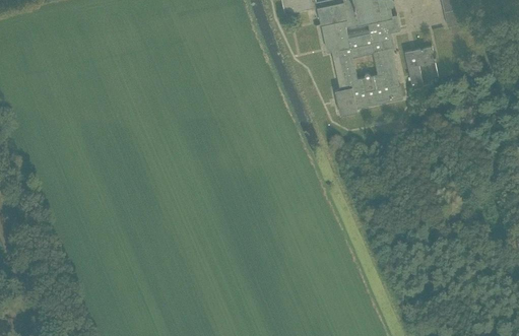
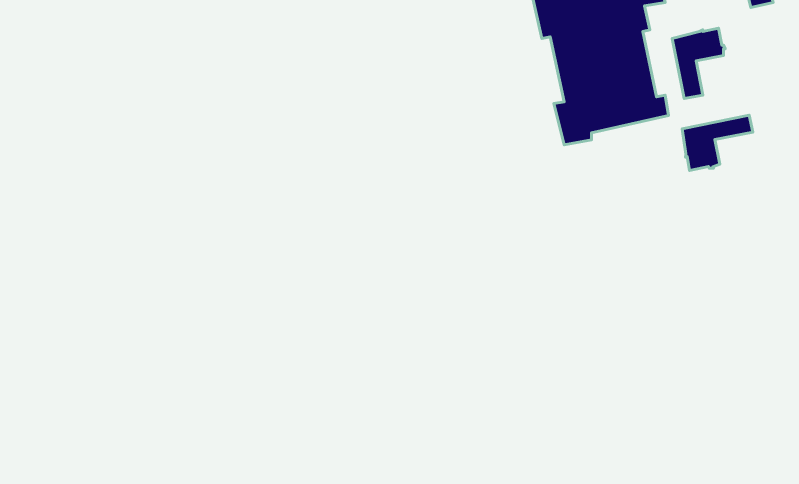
building: none -> [682,115,753,170]

